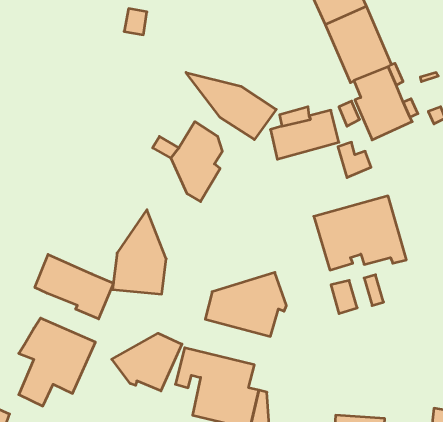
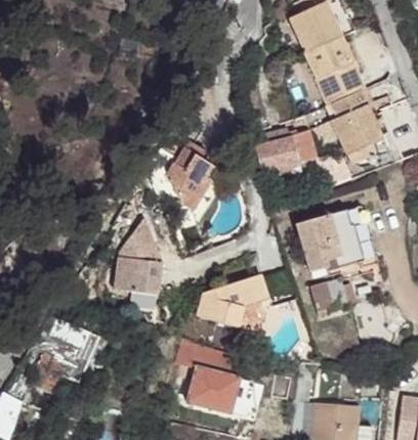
building: [186,72,276,140] -> none
building: [35,254,113,319] -> none
building: [112,333,182,391] -> none

